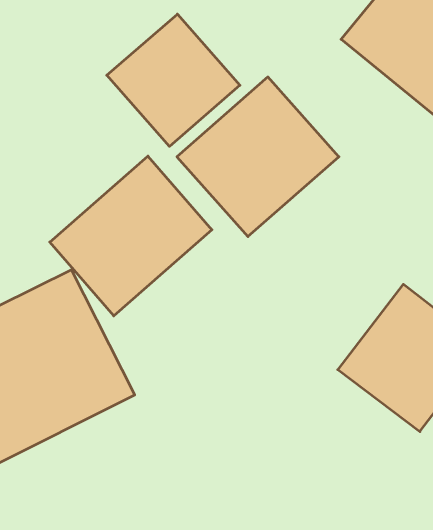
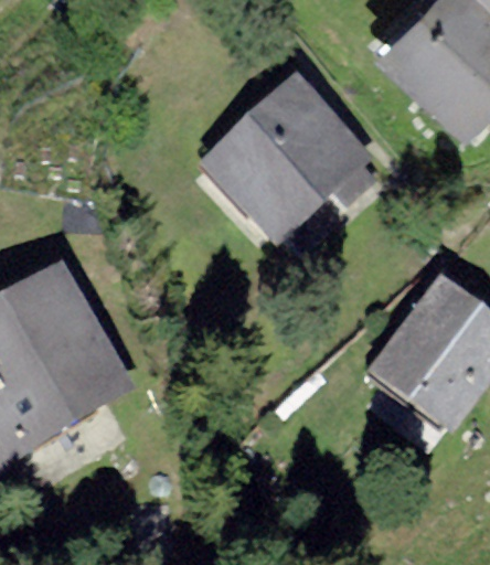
building: [107,14,240,146] -> none
building: [50,156,212,316] -> none

